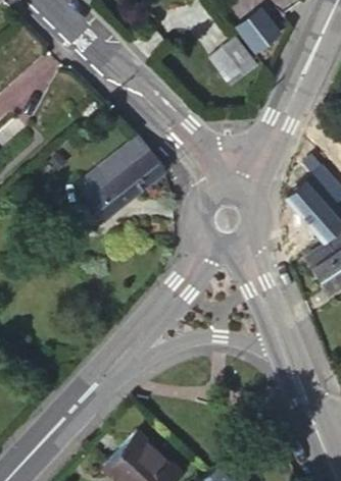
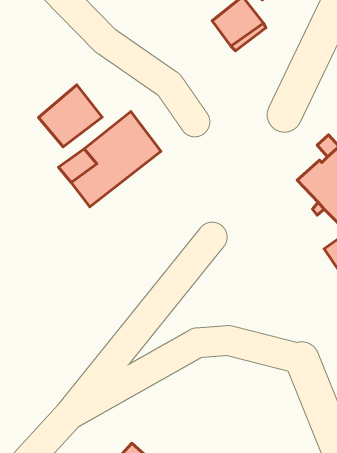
building: none -> [39,85,102,147]

